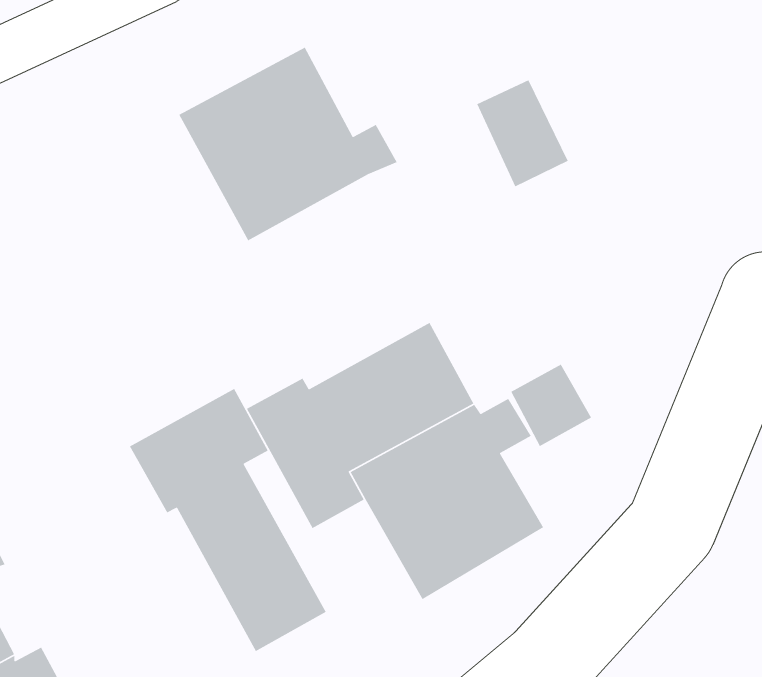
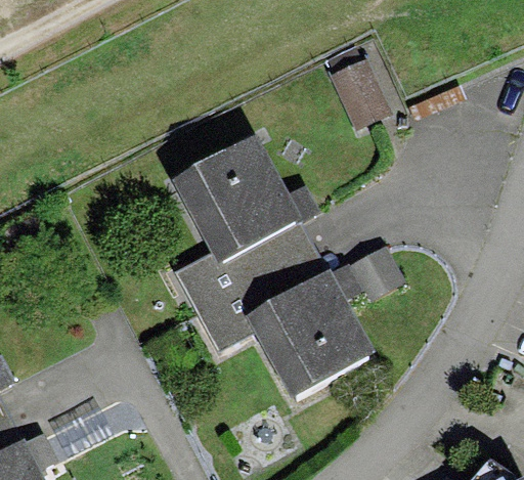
building: [178,47,398,241] -> [172,134,317,263]
building: [129,388,327,652] -> none

